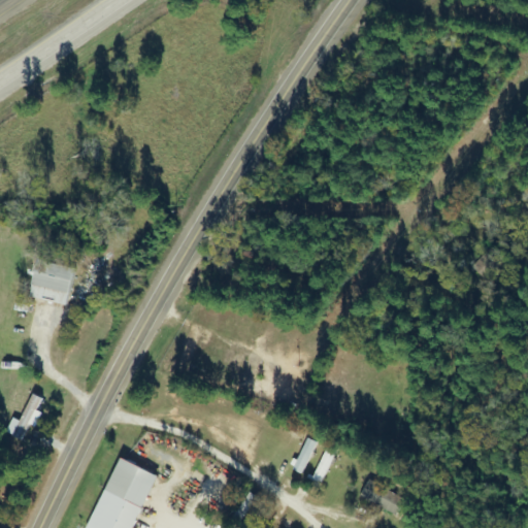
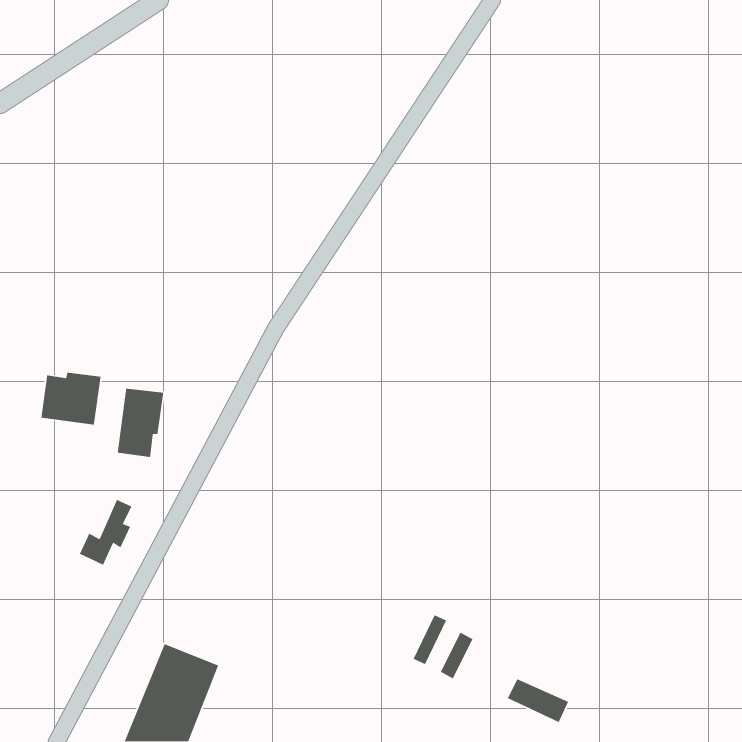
building: none -> [117,388,164,458]
building: [6,392,44,439] -> [79,499,132,566]

